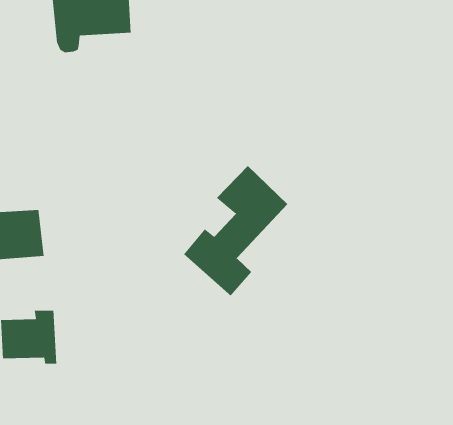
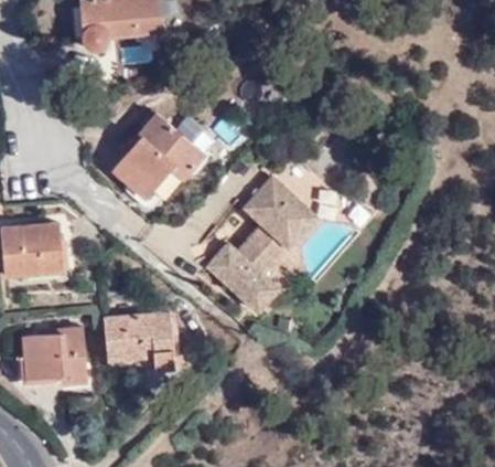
building: none -> [106,109,195,204]
building: none -> [105,316,168,370]

